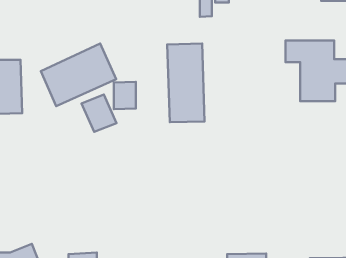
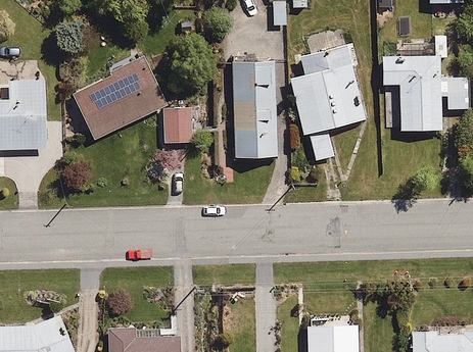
building: none -> [289,44,367,158]
building: [82,95,117,132] -> none

